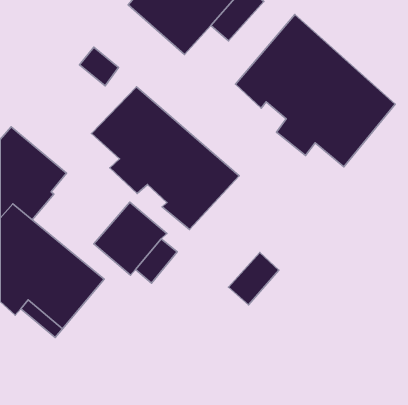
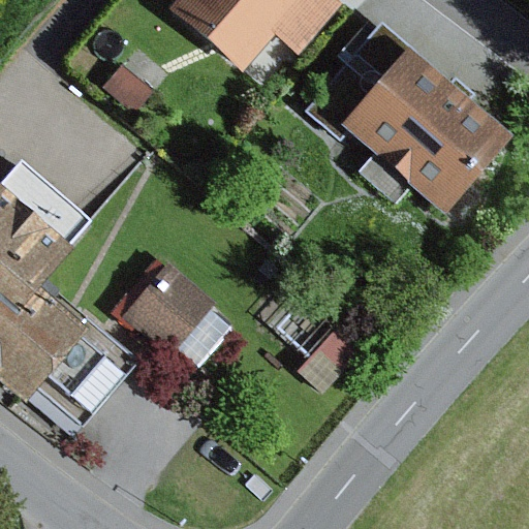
building: [91,87,239,230] -> none

